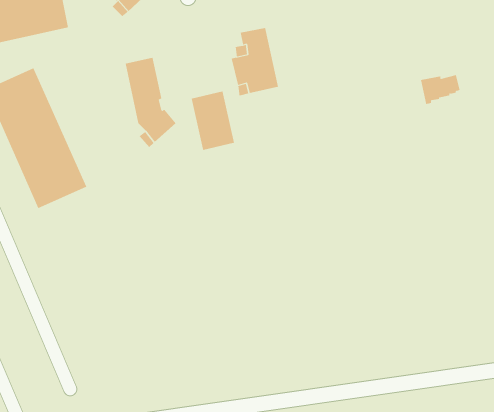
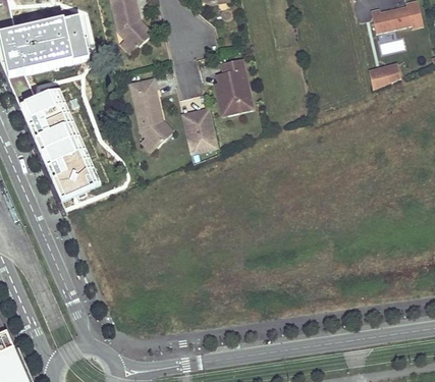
building: [420,75,460,104] -> [368,65,399,89]

